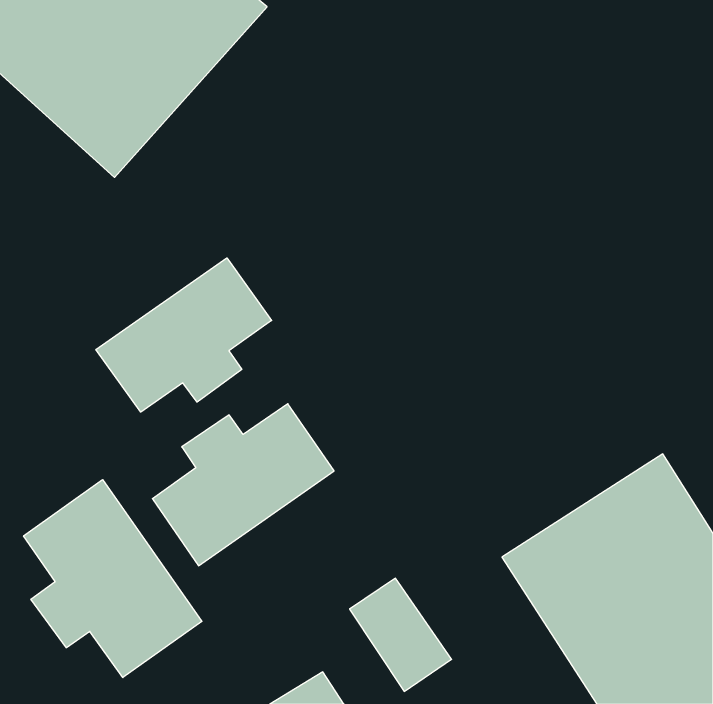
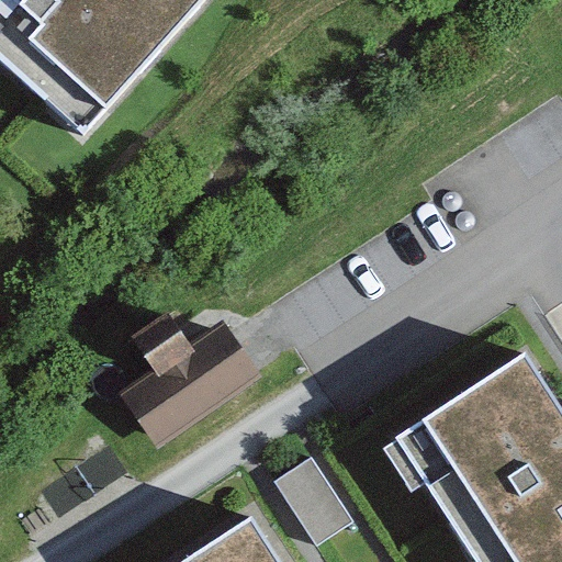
building: [96,258,272,412] -> none
building: [24,480,202,678] -> none

